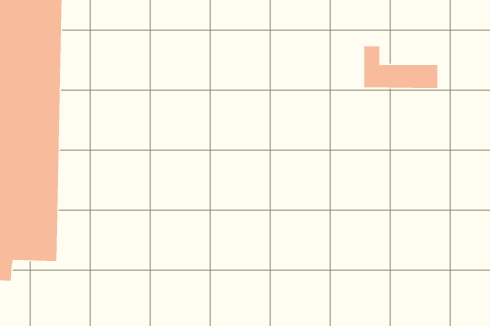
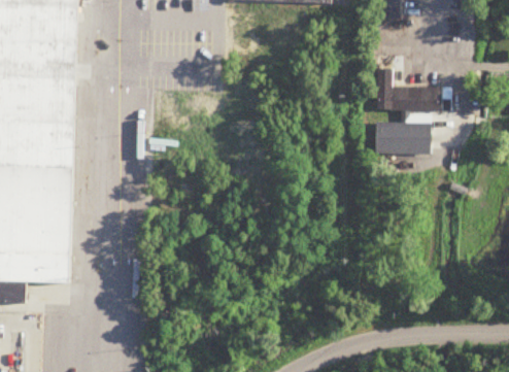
building: none -> [374,124,431,156]

